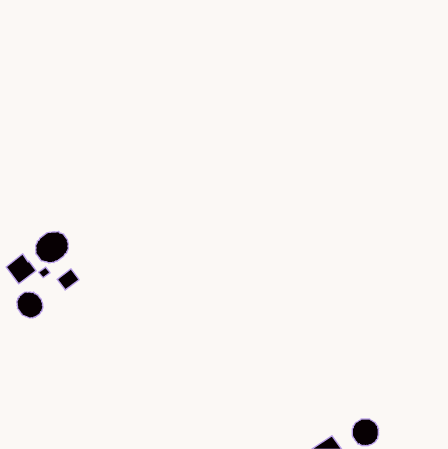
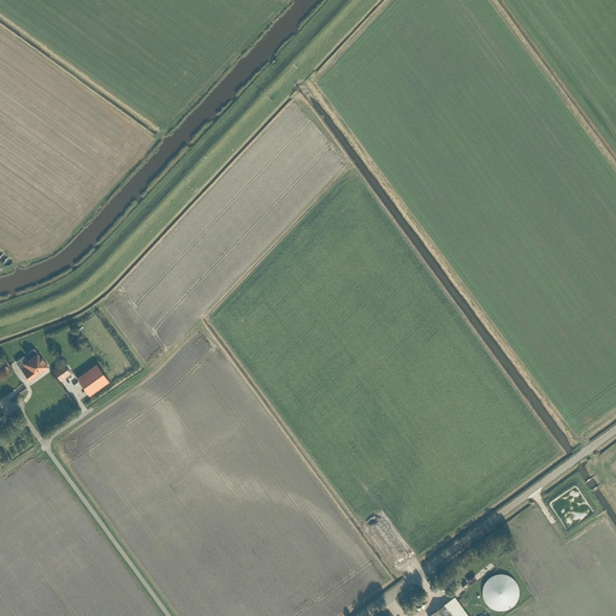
building: [36,231,68,263] -> none
building: [17,292,43,318] -> none

